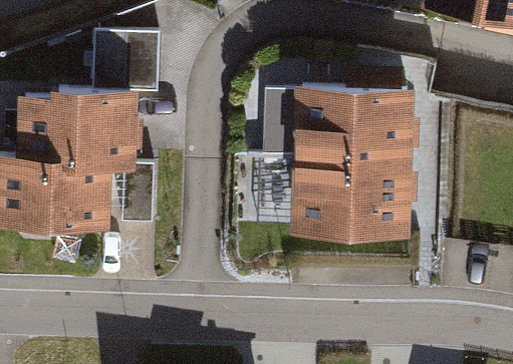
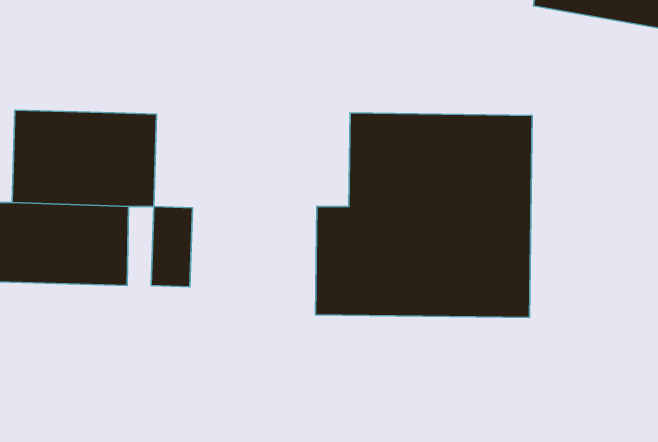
building: [96,29,157,90] -> none

